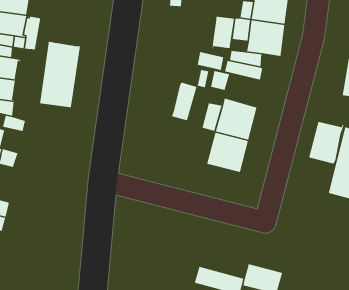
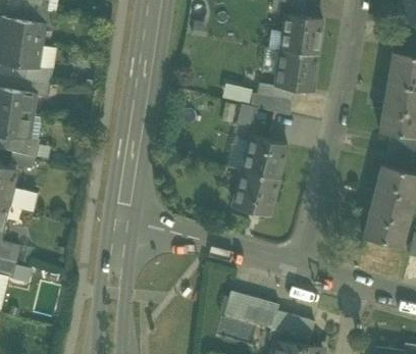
building: [212,16,235,51] -> none
building: [39,41,81,108] -> none
building: [170,82,197,124] -> none
building: [308,118,344,165] -> none
building: none -> [224,291,279,327]

